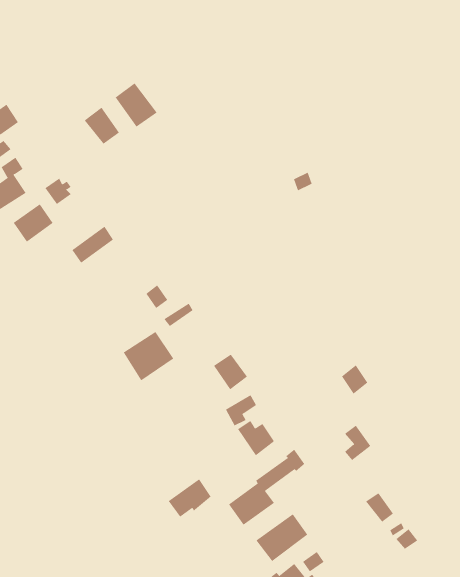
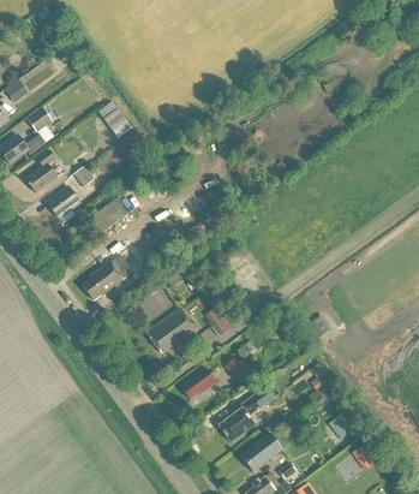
building: [115,82,157,127] -> none
building: none -> [83,255,133,299]
building: none -> [146,309,197,353]
building: [168,478,212,518] -> [180,367,215,398]

